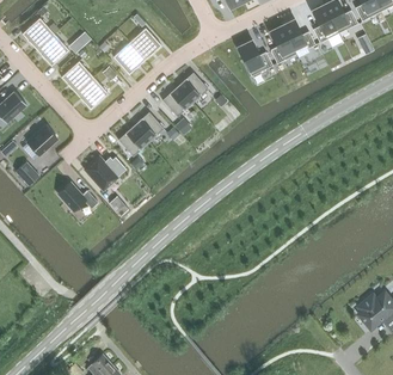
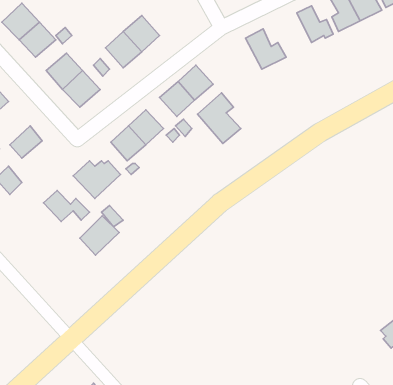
building: [269,25,296,63] -> none
building: none -> [198,93,241,144]
building: none -> [80,216,119,255]

